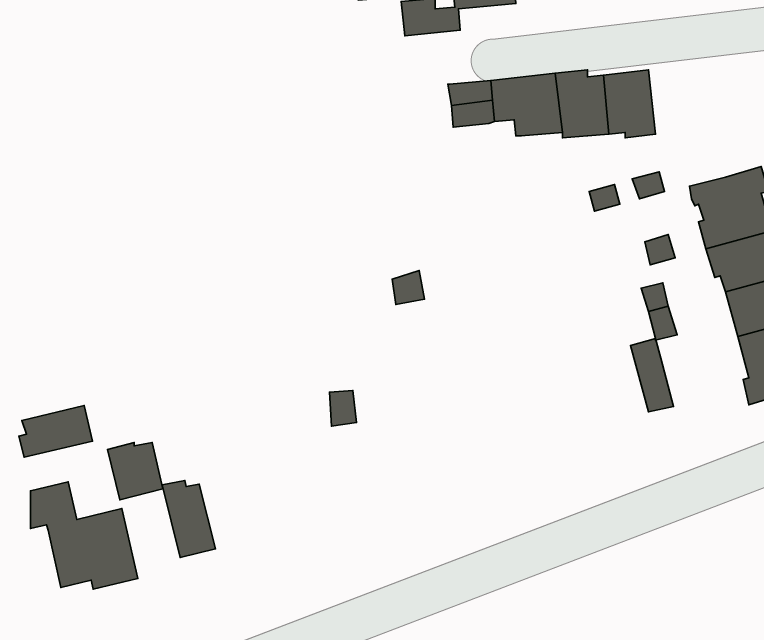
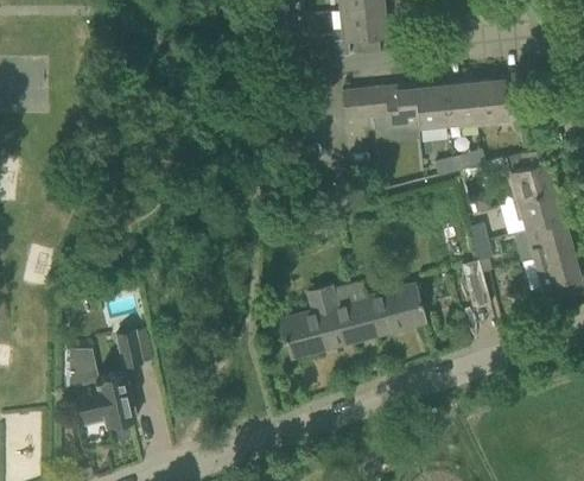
building: none -> [474,74,521,125]
building: none -> [279,284,426,359]
building: [19,406,92,457] -> none
building: [162,480,215,557] -> none

